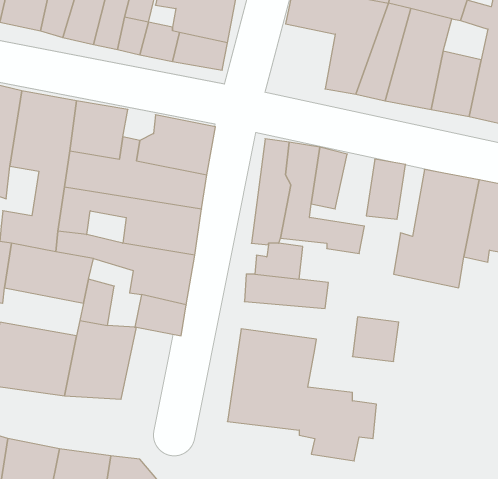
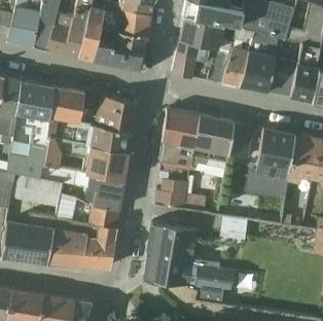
building: none -> [173,41,210,80]
building: none -> [210,119,234,156]
building: none -> [81,223,117,269]

